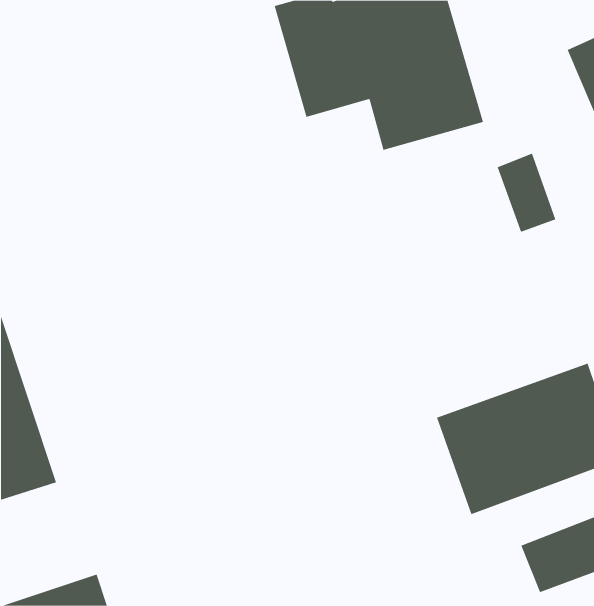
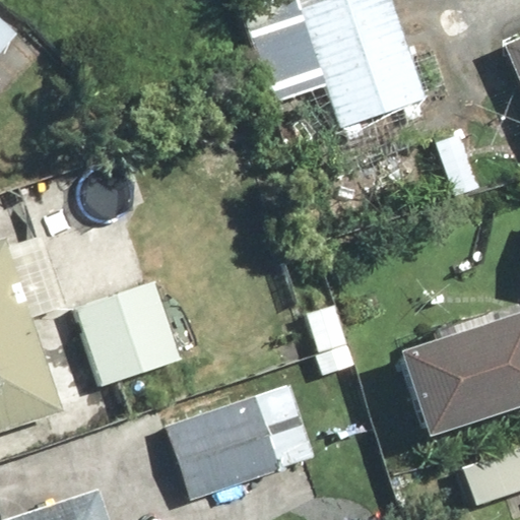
building: none -> [74,279,185,385]
building: none -> [166,386,315,500]

